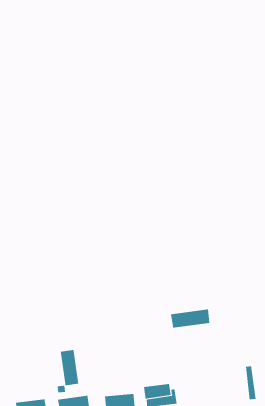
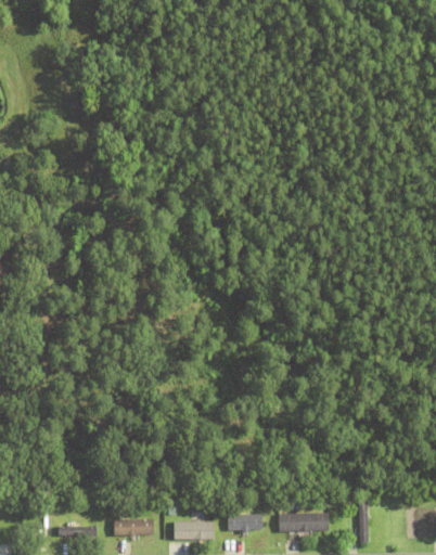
building: [170,309,210,328] -> [278,512,328,532]
building: [60,349,79,386] -> none

